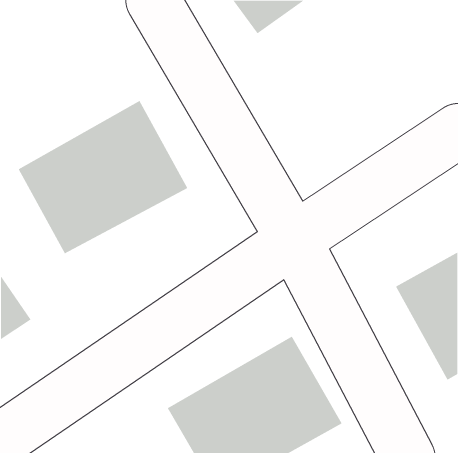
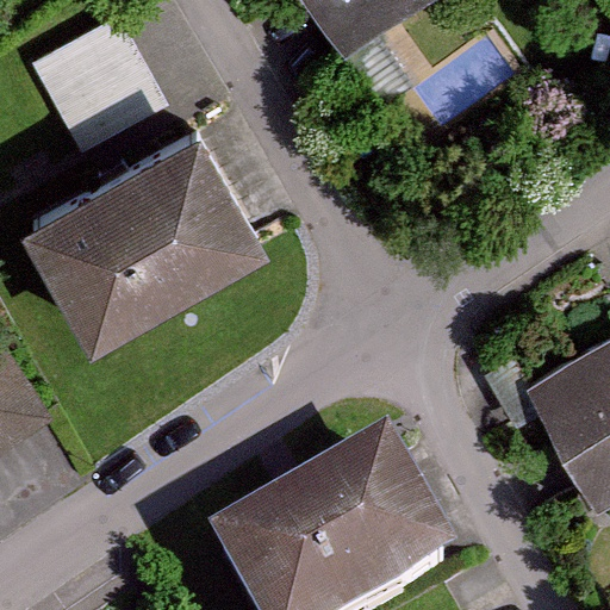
building: none -> [39,13,170,144]

